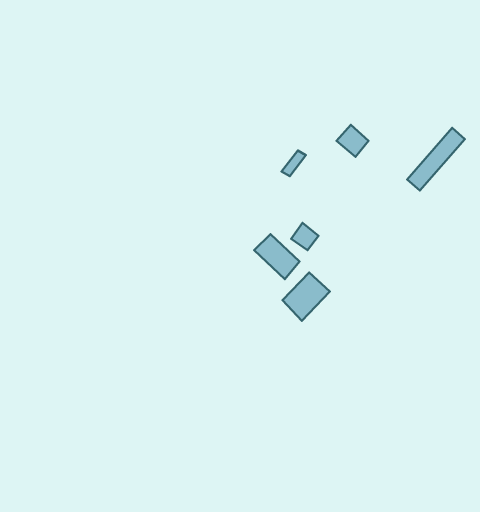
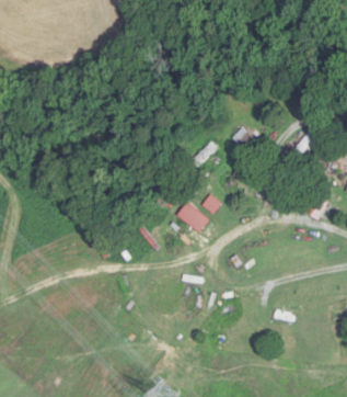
building: [283,272,330,321] -> none

